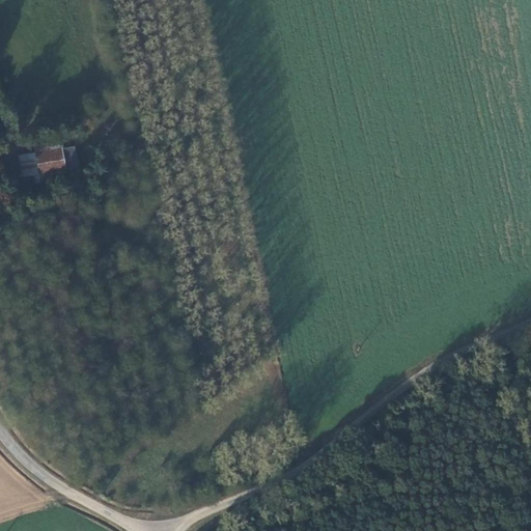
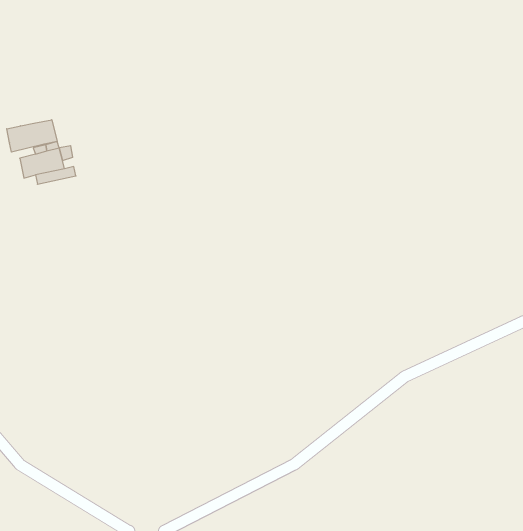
building: none -> [7,120,57,152]

